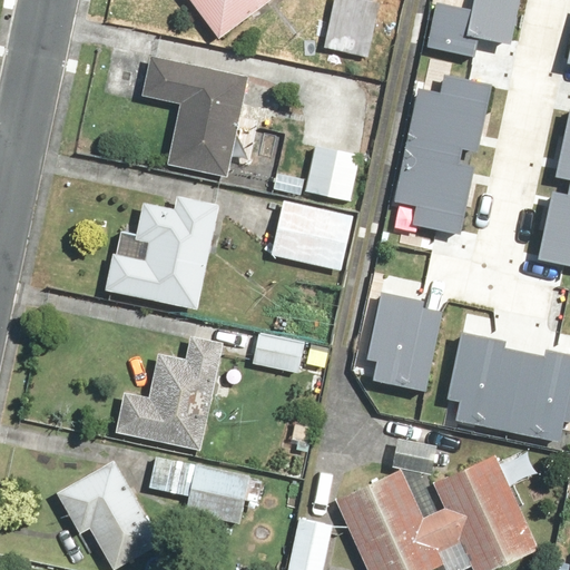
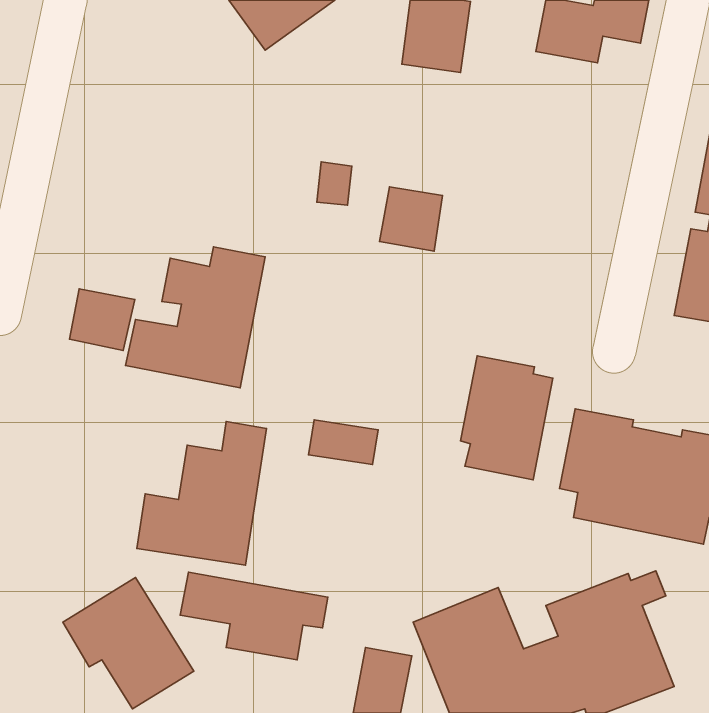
building: [144,60,245,178] -> none
building: [401,68,493,228] -> none
building: [269,202,354,266] -> none
building: none -> [69,289,135,351]

